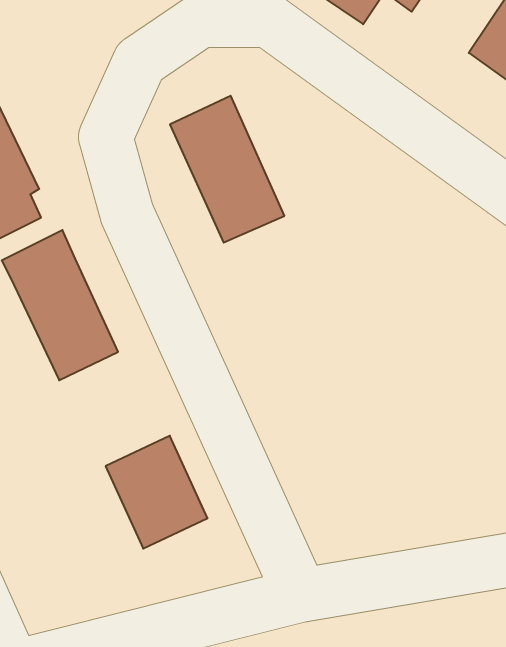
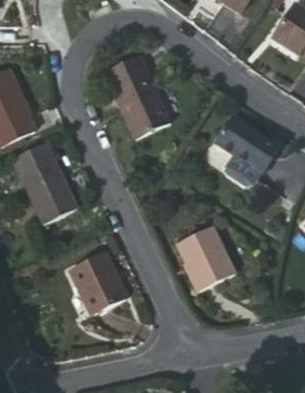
building: none -> [218,116,283,185]
building: none -> [176,229,232,293]

